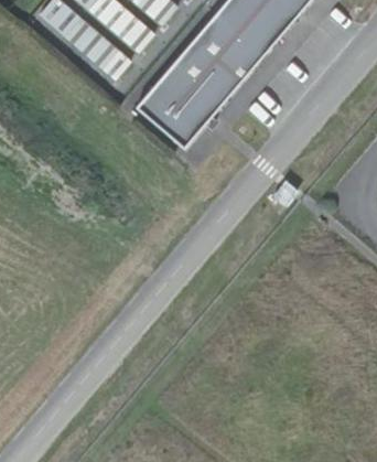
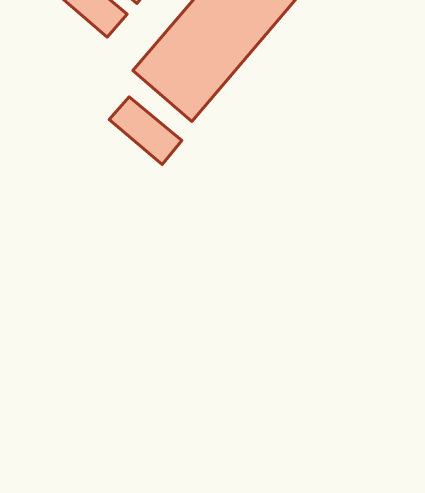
building: none -> [109,97,182,164]

